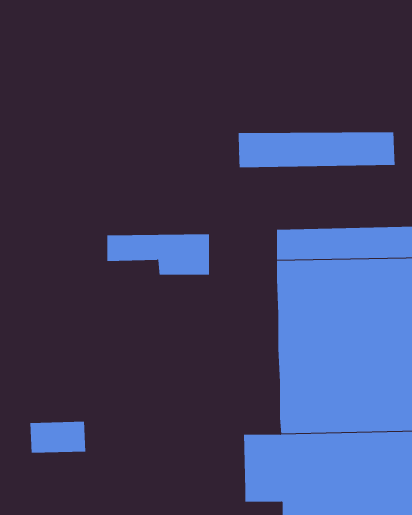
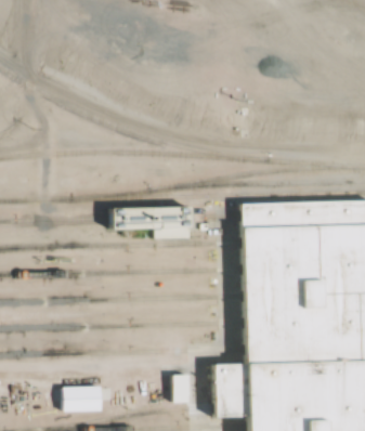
building: [238,131,395,168] -> none
building: [30,421,86,453] -> [61,387,105,412]

